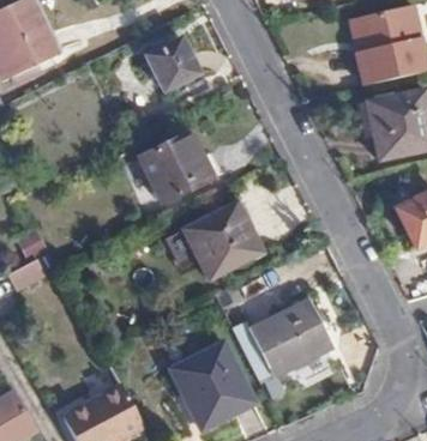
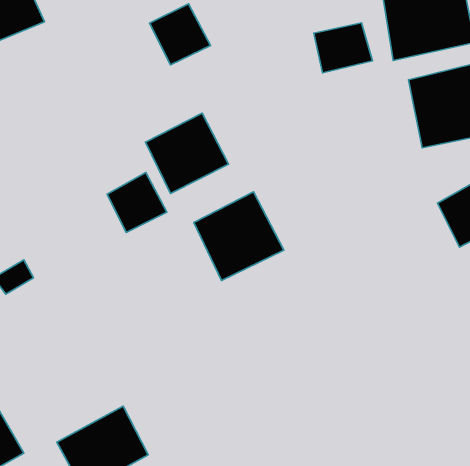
building: none -> [314,23,372,73]
building: none -> [107,172,167,233]
building: [234,301,330,379] -> none
building: [170,339,253,428] -> none

